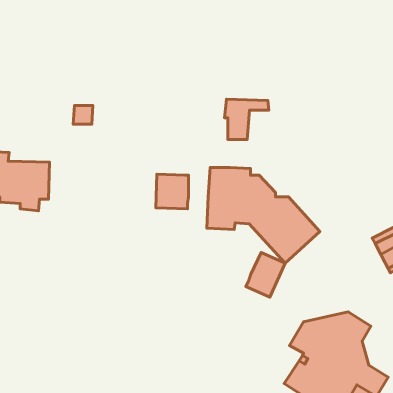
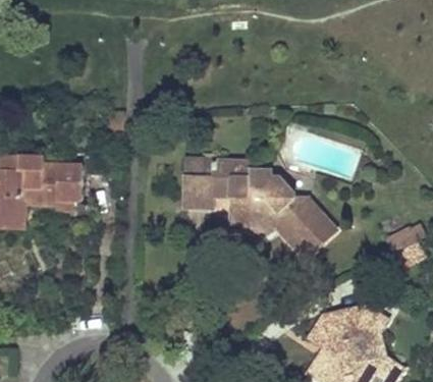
building: [224,99,269,140] -> [211,160,253,198]
building: [246,252,285,297] -> none

